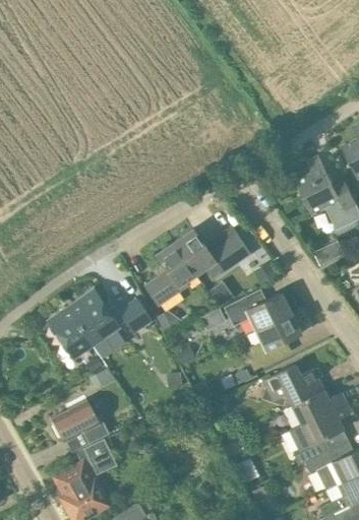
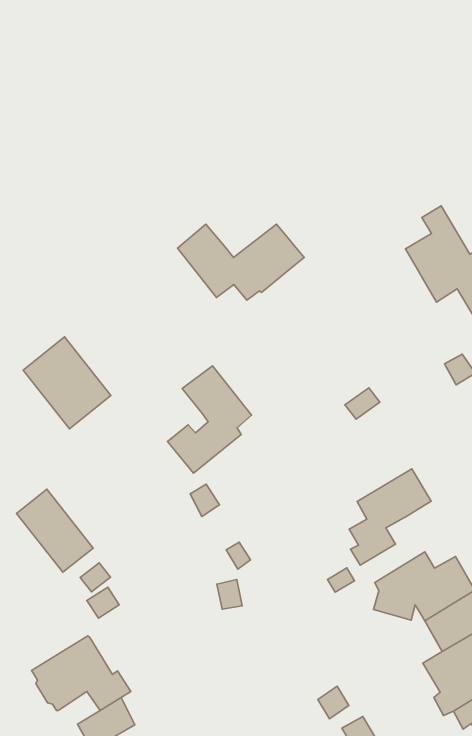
building: [174,229,250,276] -> [177,224,304,300]
building: [68,290,120,346] -> [23,337,111,429]
building: [223,292,290,330] -> none
building: [117,298,152,333] -> none

